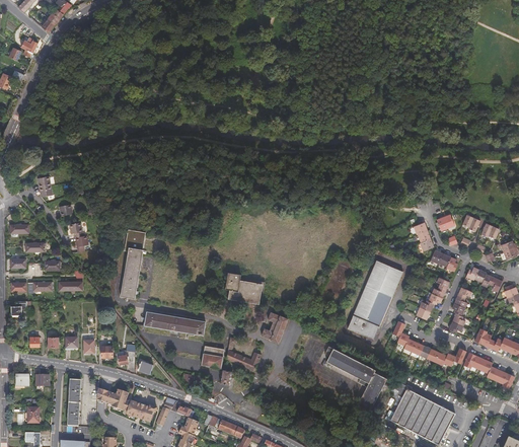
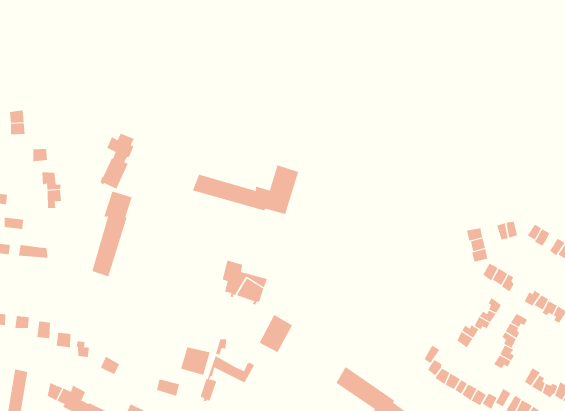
building: none -> [100,133,134,189]
building: none -> [192,165,299,215]
building: [348,260,403,340] -> none
building: [144,311,205,336] -> none

